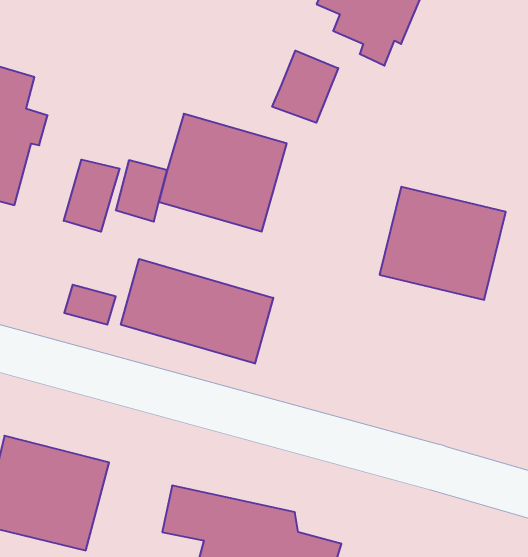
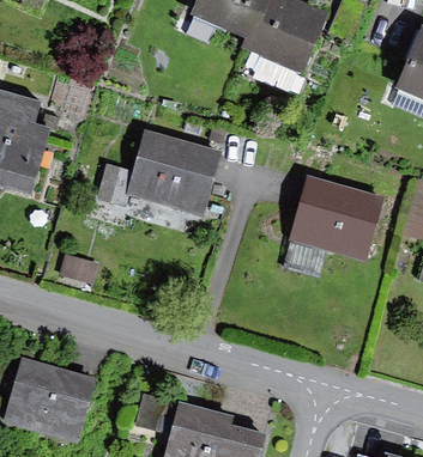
building: [272,51,338,123] -> none
building: [64,160,120,232] -> none
building: [121,259,273,364] -> none

